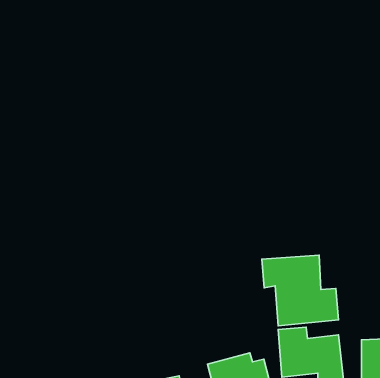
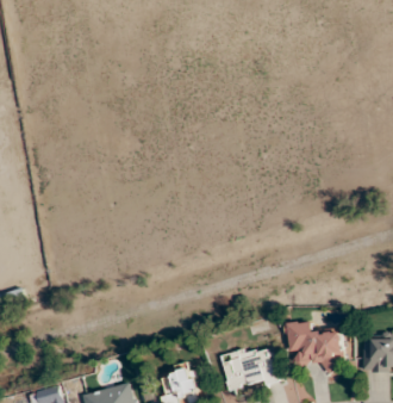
building: [262,255,339,326] -> none

